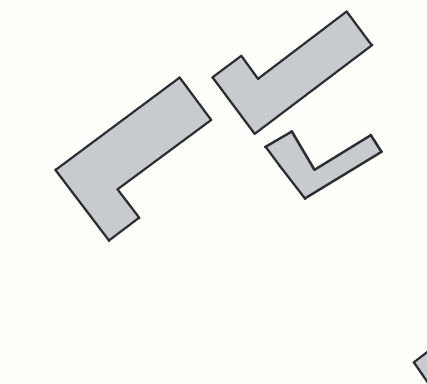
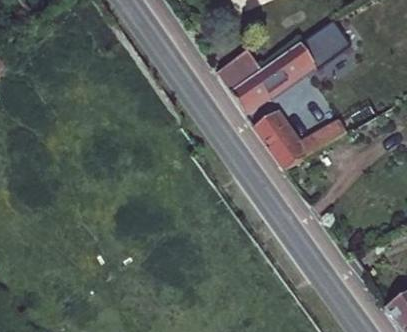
building: [56,78,211,241] -> none

